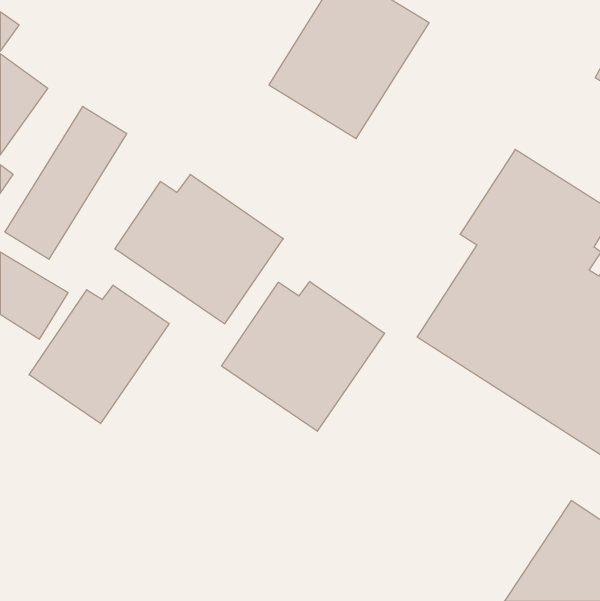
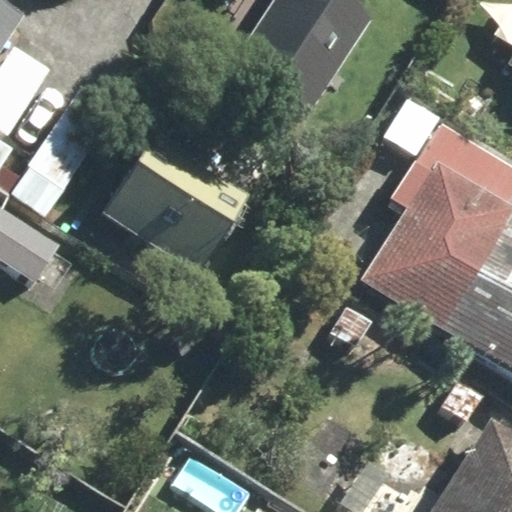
building: [222,281,385,431] -> none
building: [29,285,169,424] -> none

